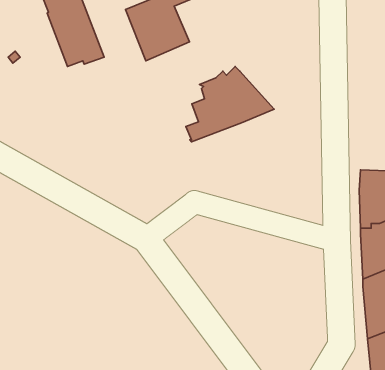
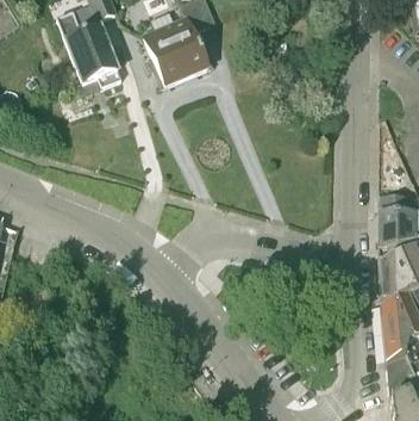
building: [186,67,274,142] -> none

